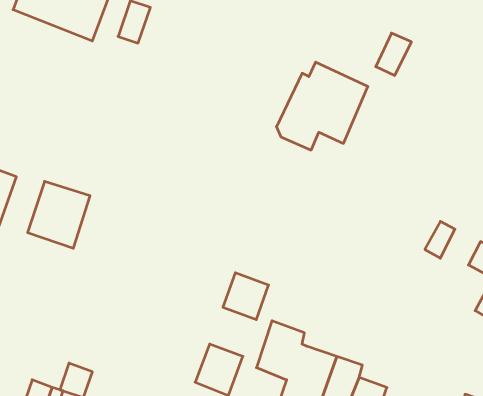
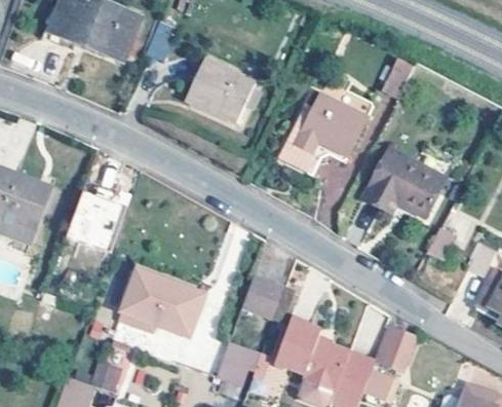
building: none -> [188,61,258,125]
building: none -> [361,148,448,224]
building: none -> [123,266,207,334]
building: none -> [373,326,415,371]

